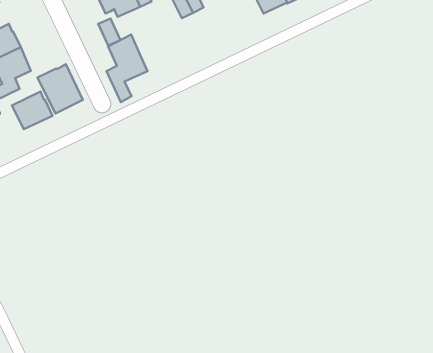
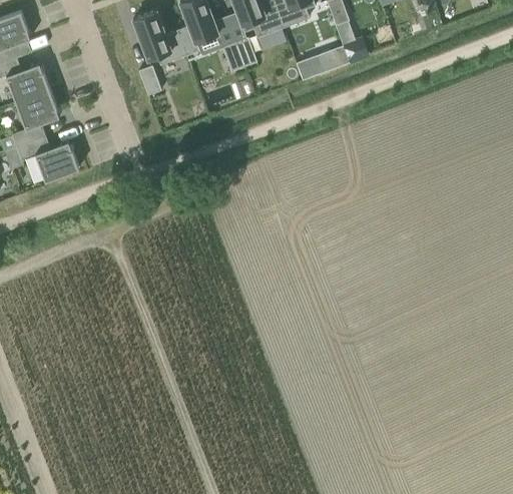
building: [107,35,147,102] -> none
building: [38,64,83,114] -> none

